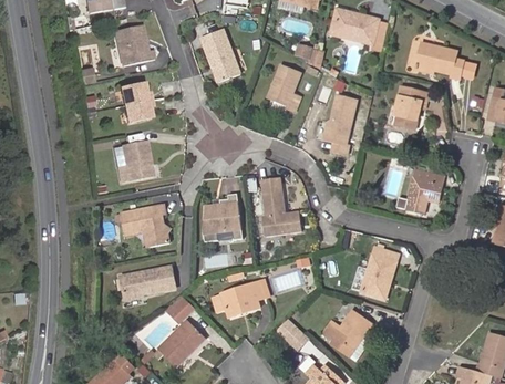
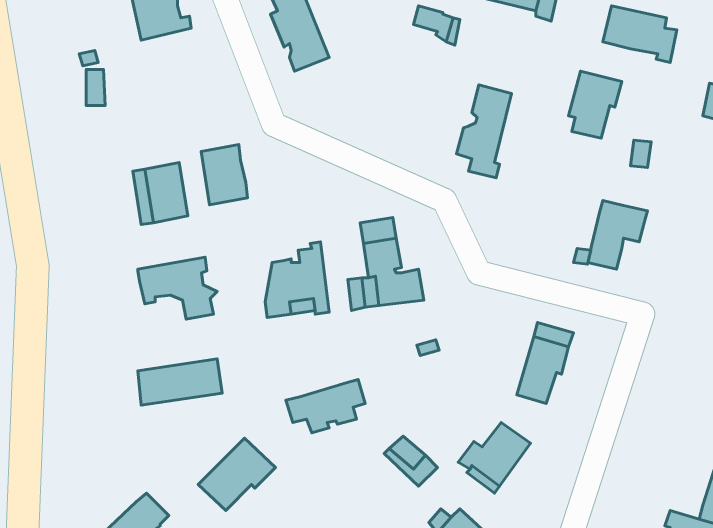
building: [266,65,301,112] -> none
building: [122,83,152,122] -> [201,145,248,205]
building: [164,294,195,323] -> none

